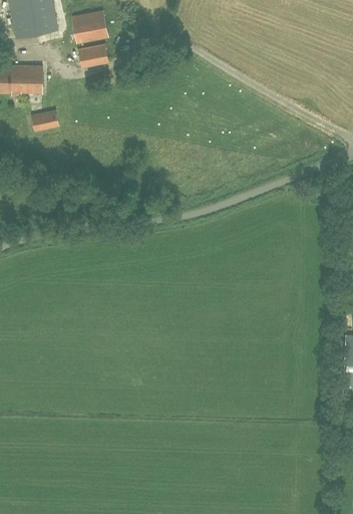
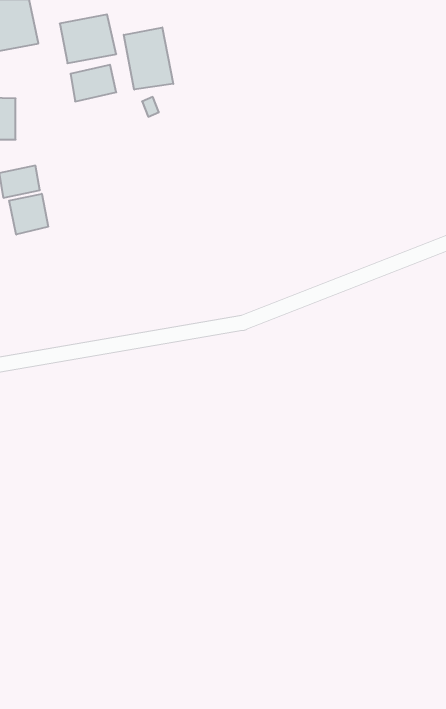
building: none -> [124,27,173,90]
building: none -> [9,194,48,235]

